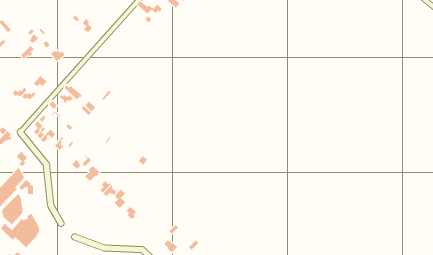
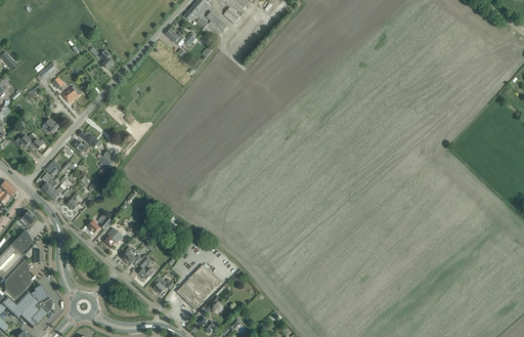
building: none -> [175,264,220,309]

